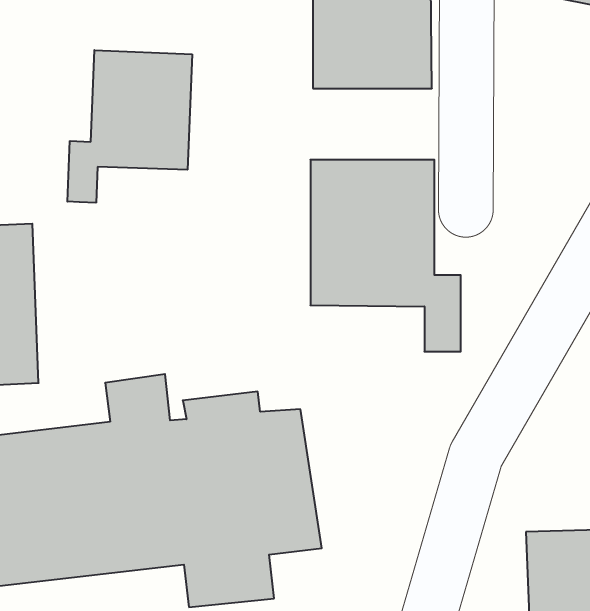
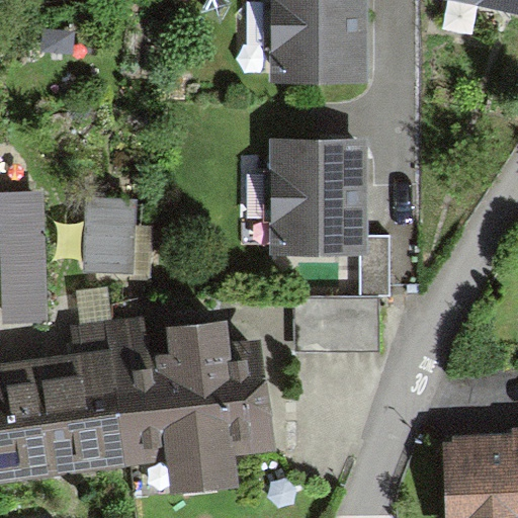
building: [67,50,192,203] -> none
building: none -> [82,197,135,272]
building: none -> [292,292,378,351]

